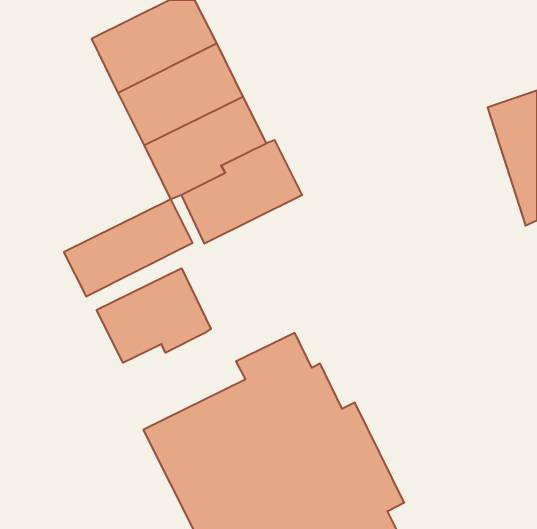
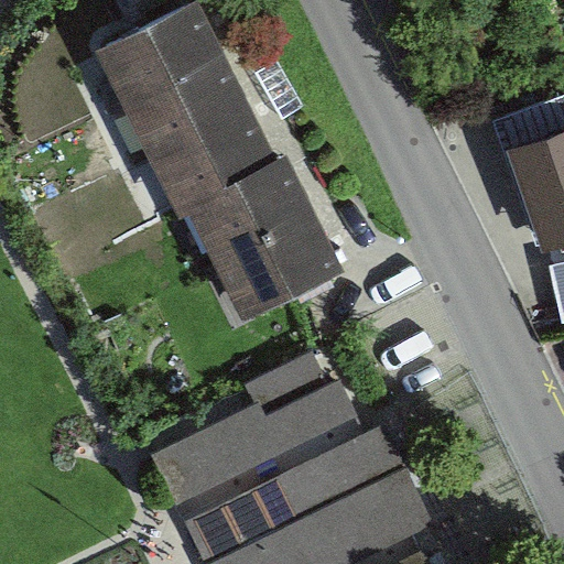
building: none -> [214,214,345,322]
building: [64,199,192,297] -> none
building: [97,268,211,363] -> none

